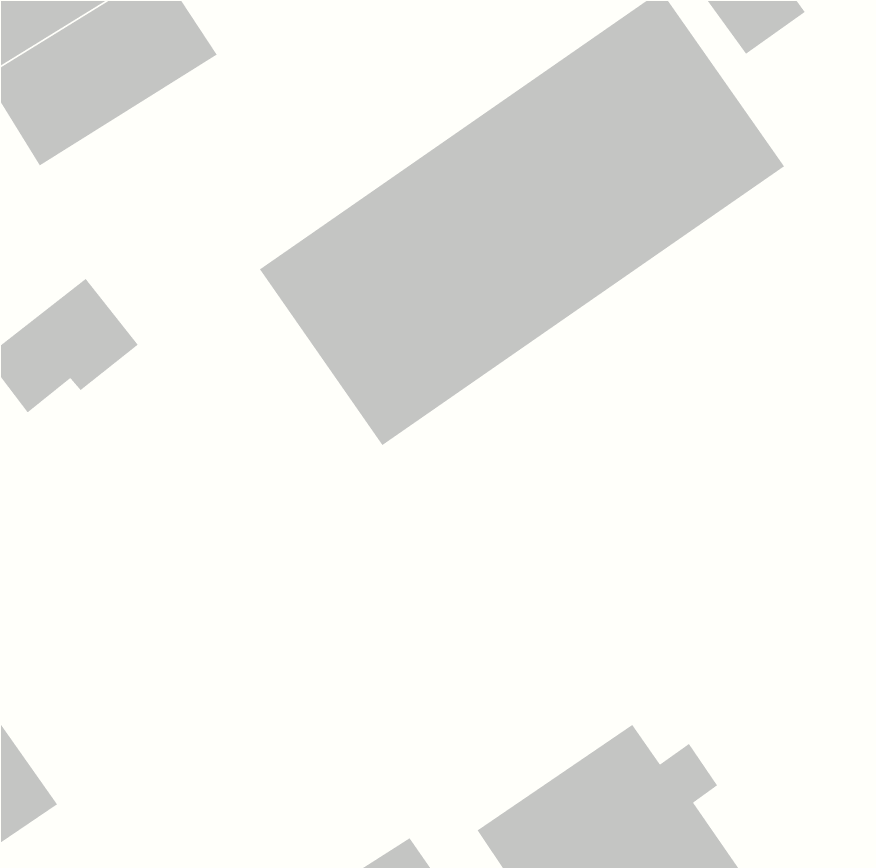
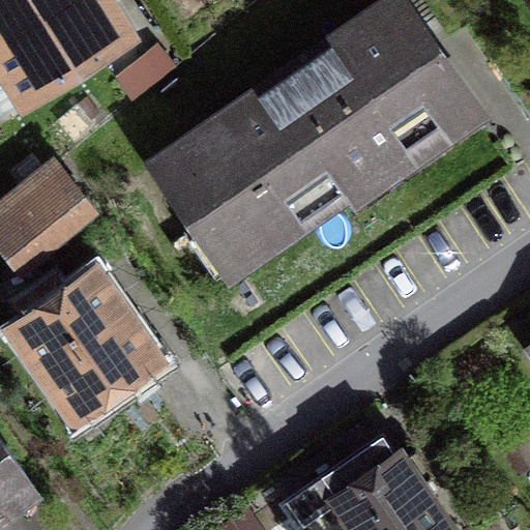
building: none -> [21,285,146,411]

